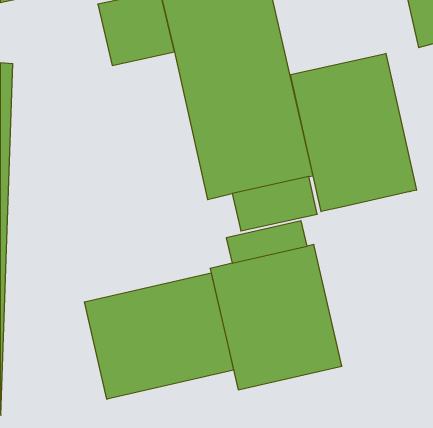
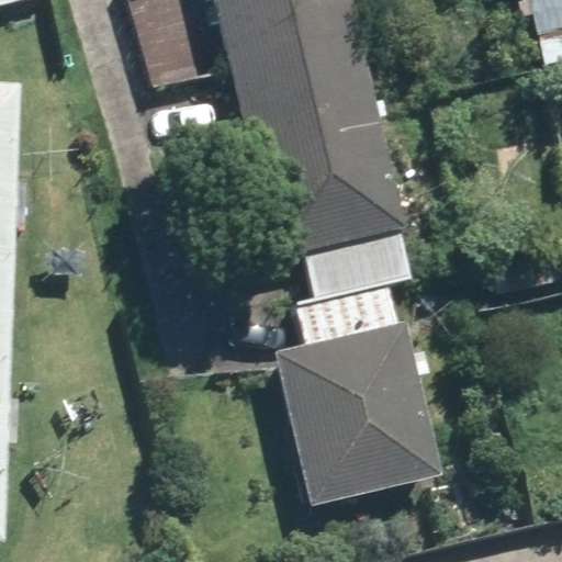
building: [291,53,416,212] -> none
building: [84,273,234,399] -> none

